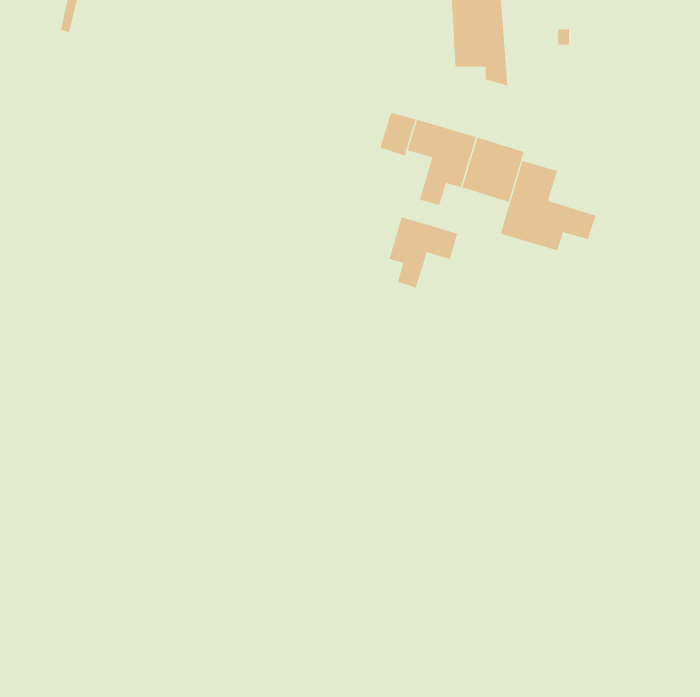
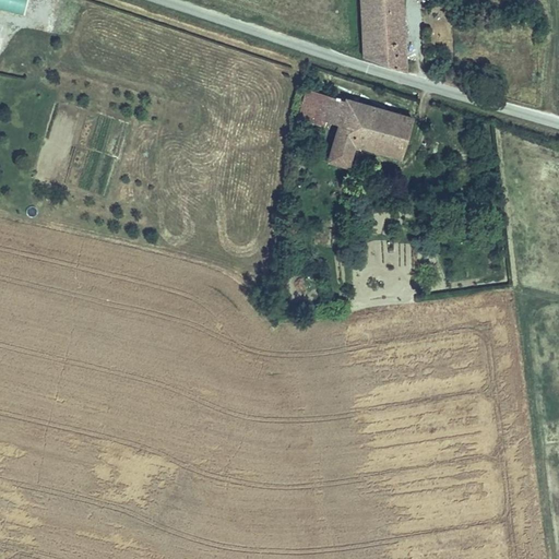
building: [500,160,596,251] -> none
building: [389,216,458,288] -> none

